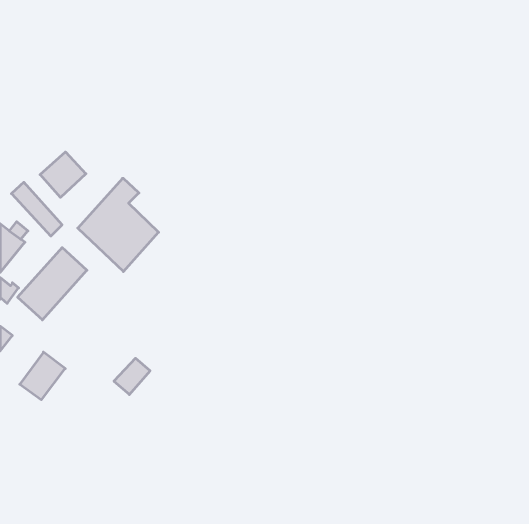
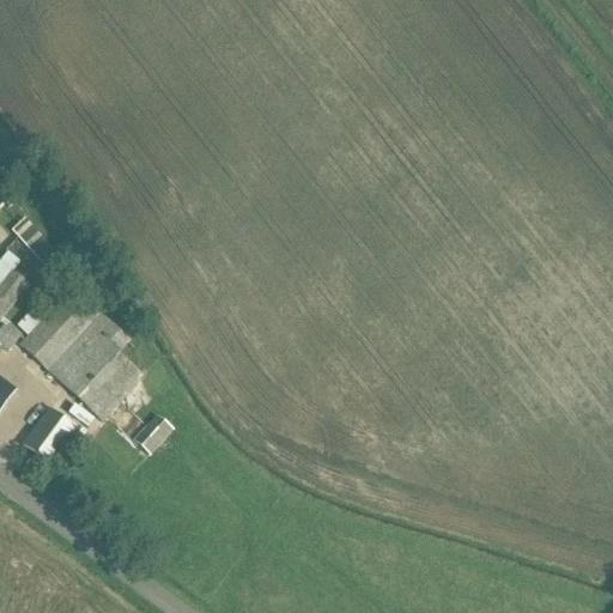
building: [40,152,86,197] -> none
building: [78,178,159,272] -> [49,312,142,420]

